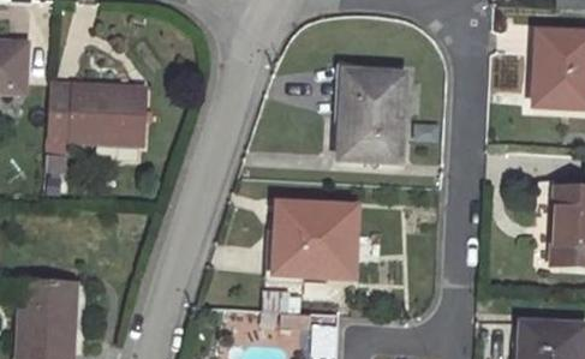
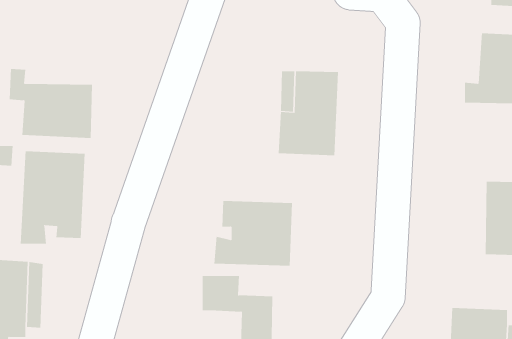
building: none -> [20,151,85,245]

